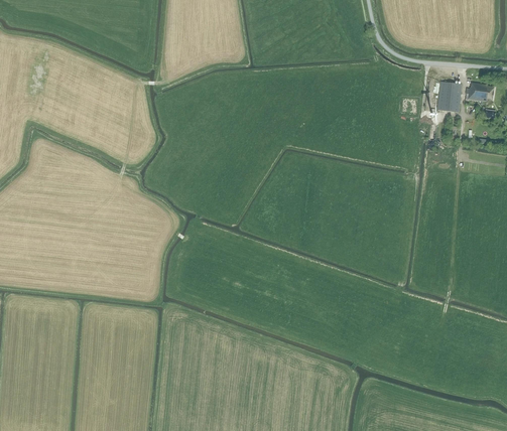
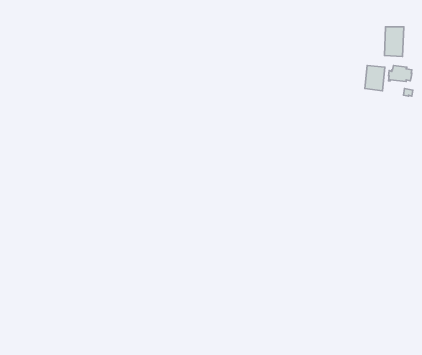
building: none -> [384,27,404,56]

